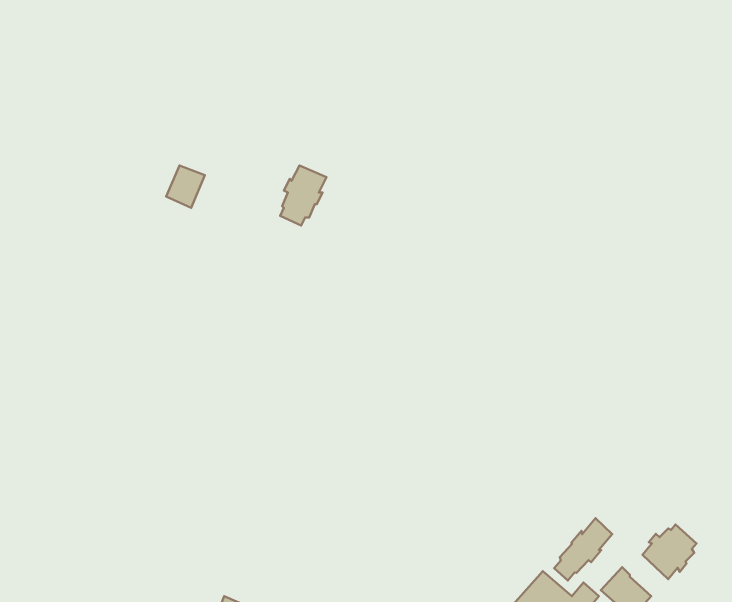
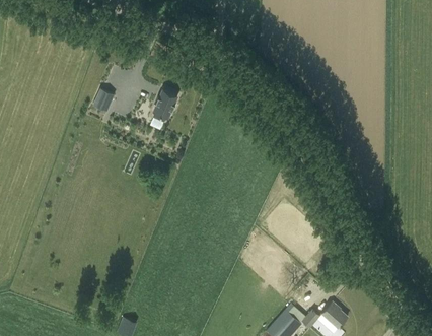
building: [554,518,612,580] -> none
building: [643,524,696,579] -> none

